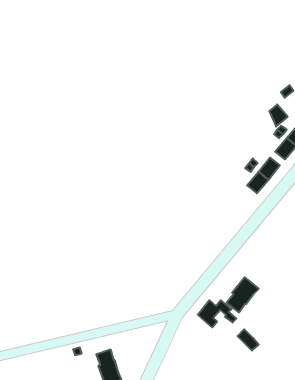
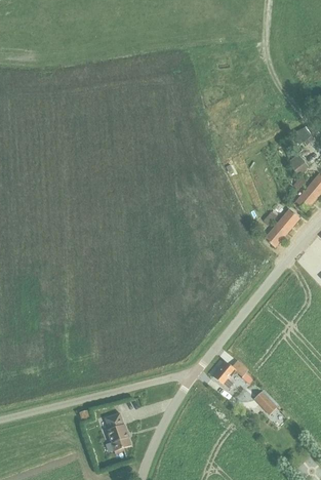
building: [227,277,259,312] -> none

